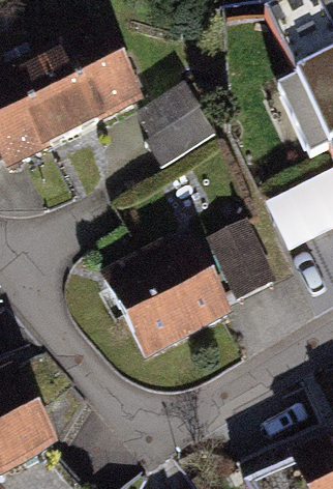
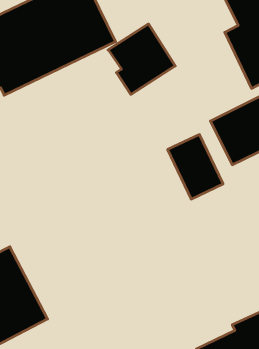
building: [99,237,233,358] -> none

